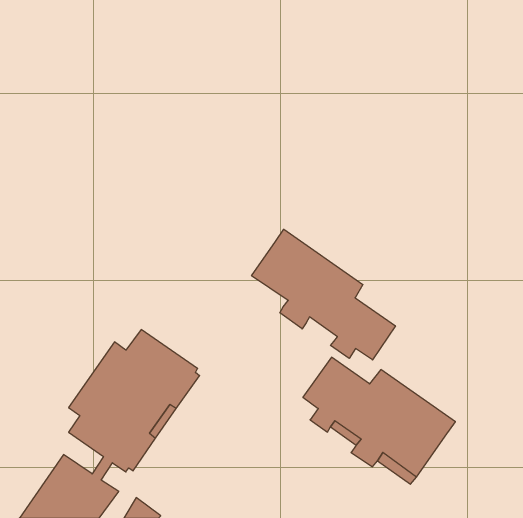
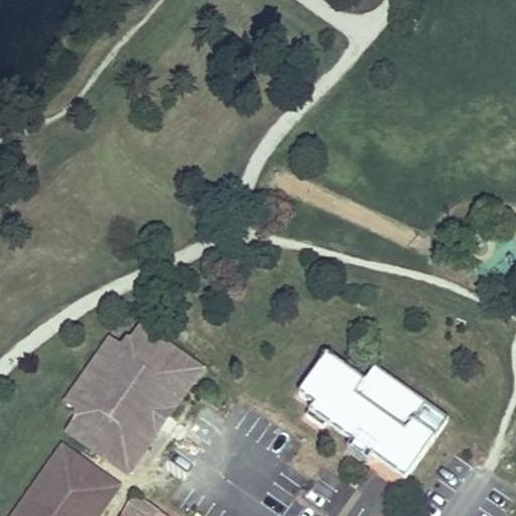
building: [252,229,395,360] -> none

